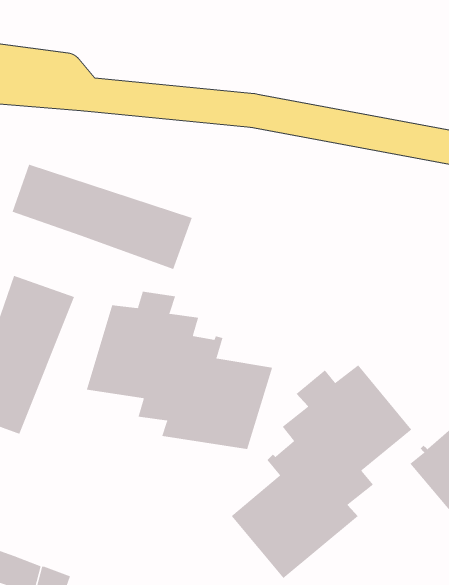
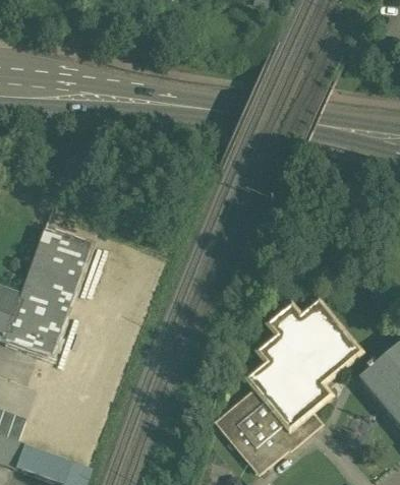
building: [12,164,192,270] -> none
building: [86,291,273,450] -> none

